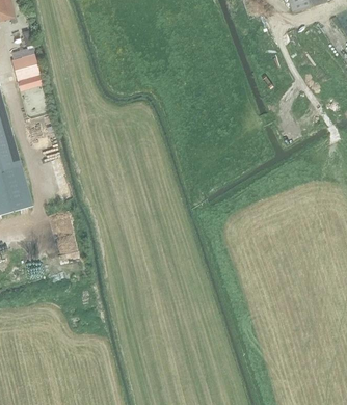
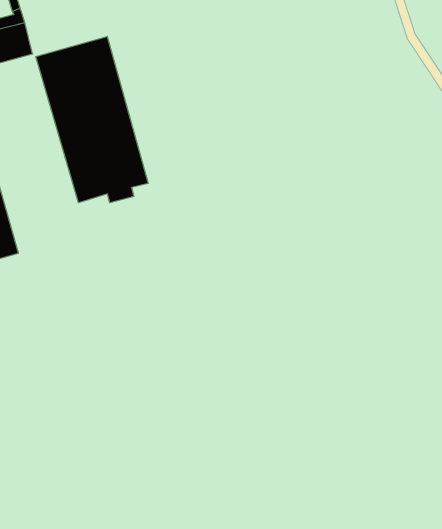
building: none -> [36,36,148,203]

